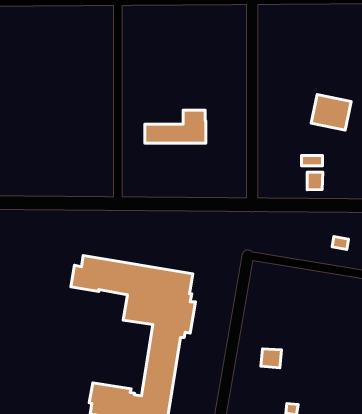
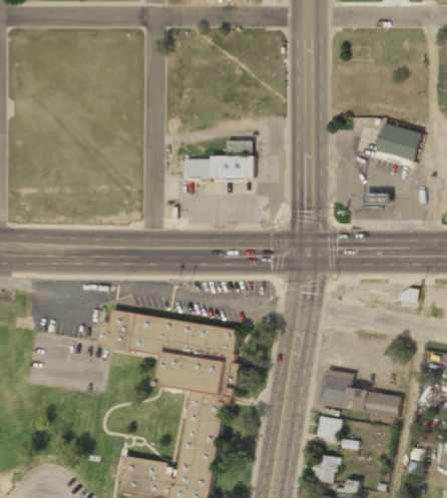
building: [307,172,323,190] -> none
building: none -> [317,369,400,416]
building: none -> [311,455,337,483]

